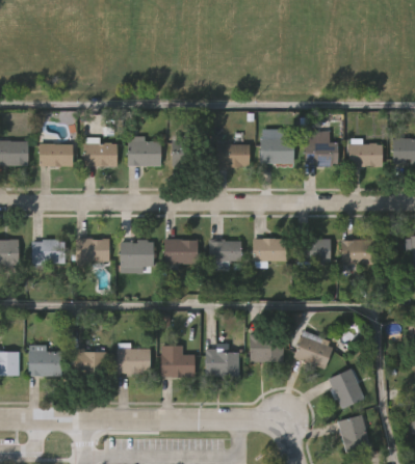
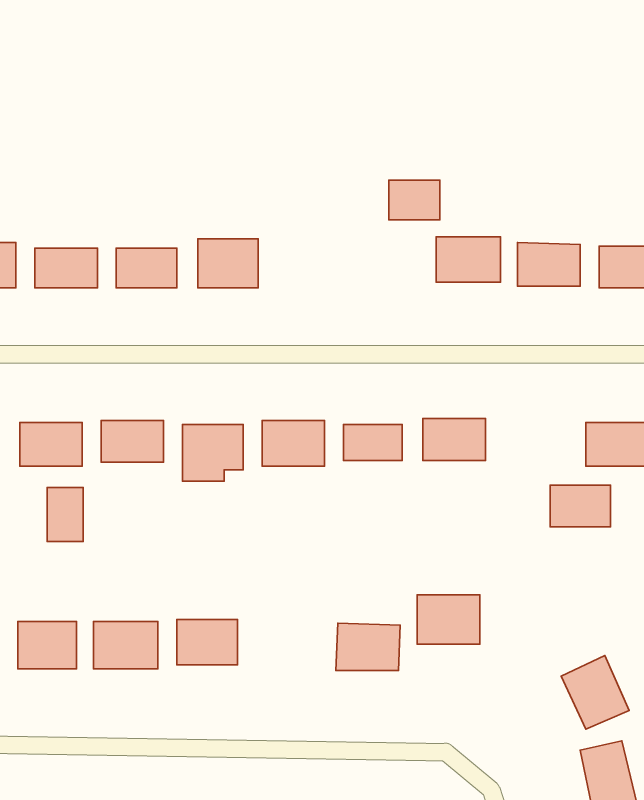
building: [173,140,207,168] -> none
building: [222,144,250,166] -> [389,180,440,220]
building: [297,238,331,261] -> [550,485,611,527]
building: none -> [47,488,83,542]
building: [292,332,334,370] -> none
building: [161,345,194,376] -> none

